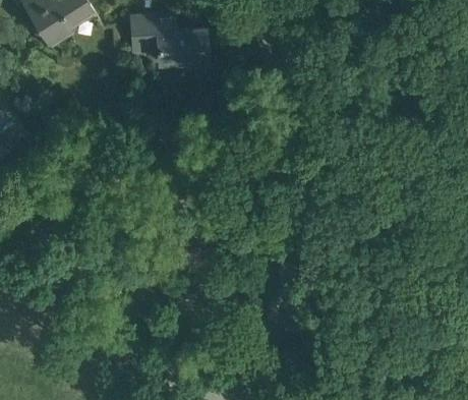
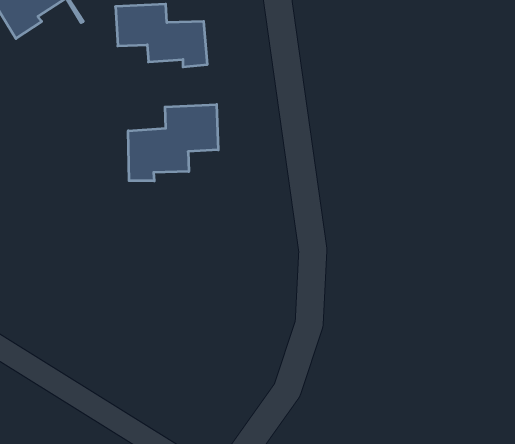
building: none -> [128,104,218,181]

